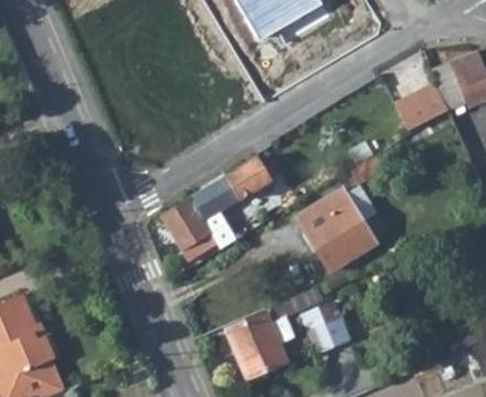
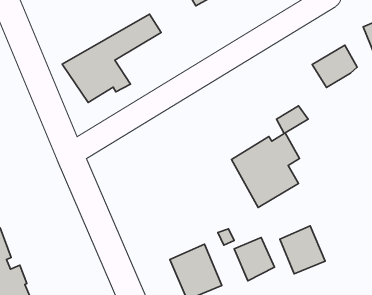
building: [160,159,274,261] -> [62,14,161,103]
building: none -> [280,226,325,274]

